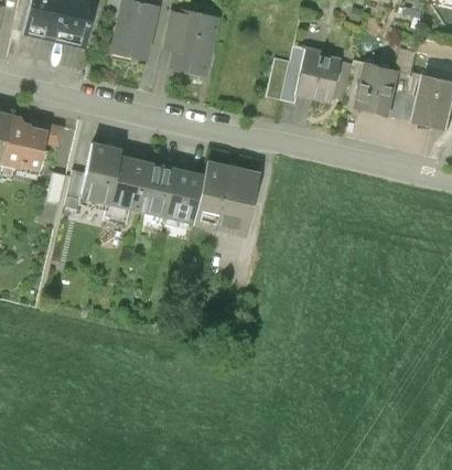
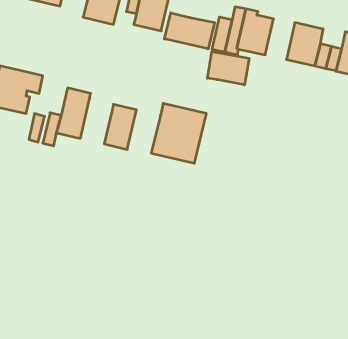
building: none -> [164,13,215,49]
building: none -> [207,52,249,85]
building: [108,156,148,210] -> none
building: [164,169,204,223] -> none

